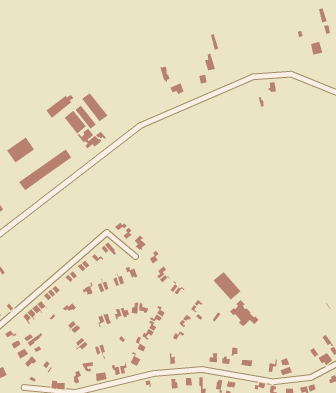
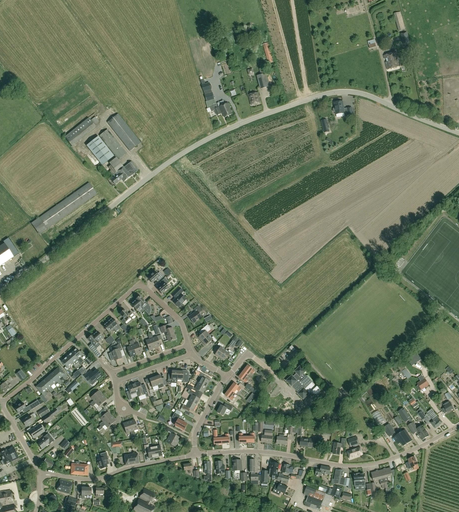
building: [6,136,35,163] -> none
building: [213,271,241,301] -> none

